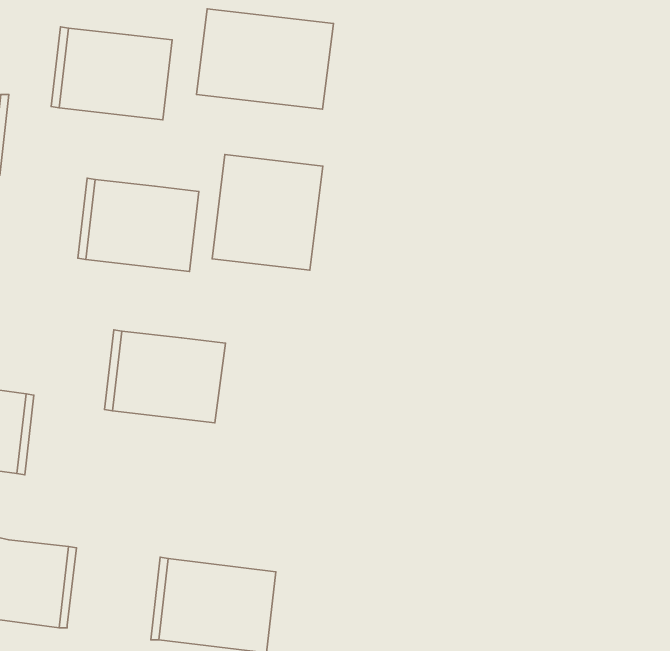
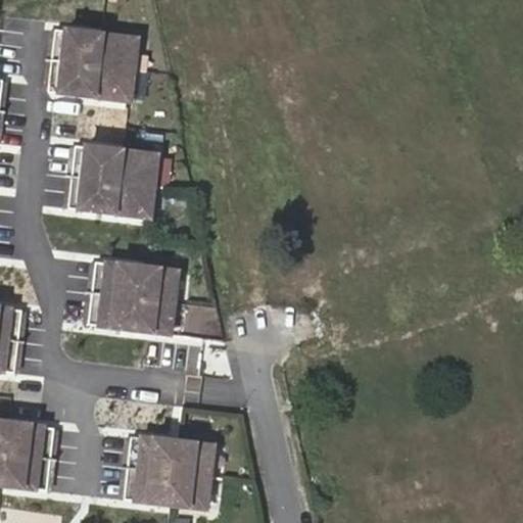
building: [196,9,333,109] -> none
building: [212,155,323,270] -> none

